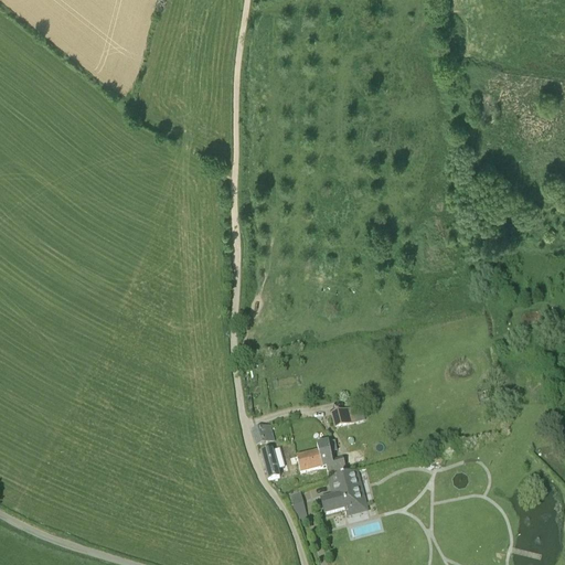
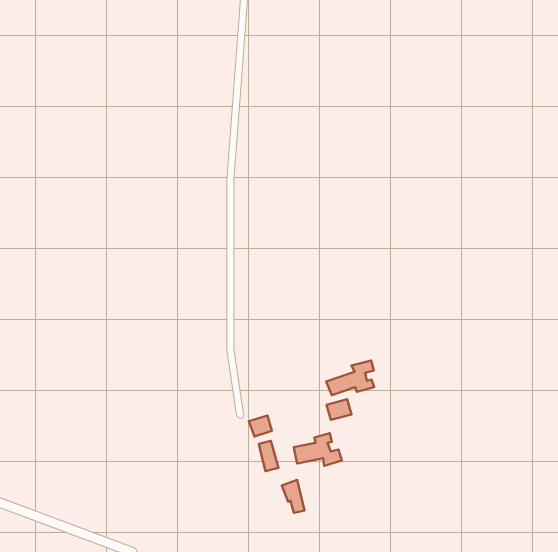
building: none -> [326,361,374,395]
building: [321,469,365,511] -> none

